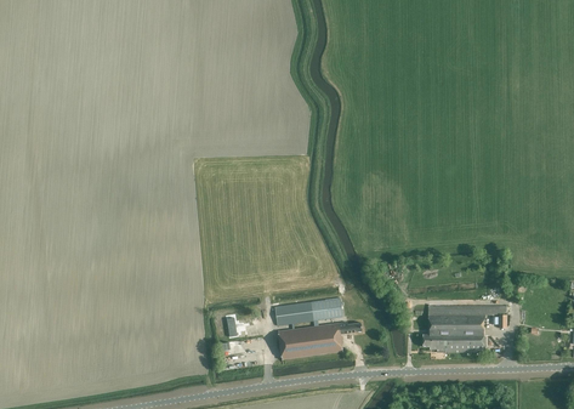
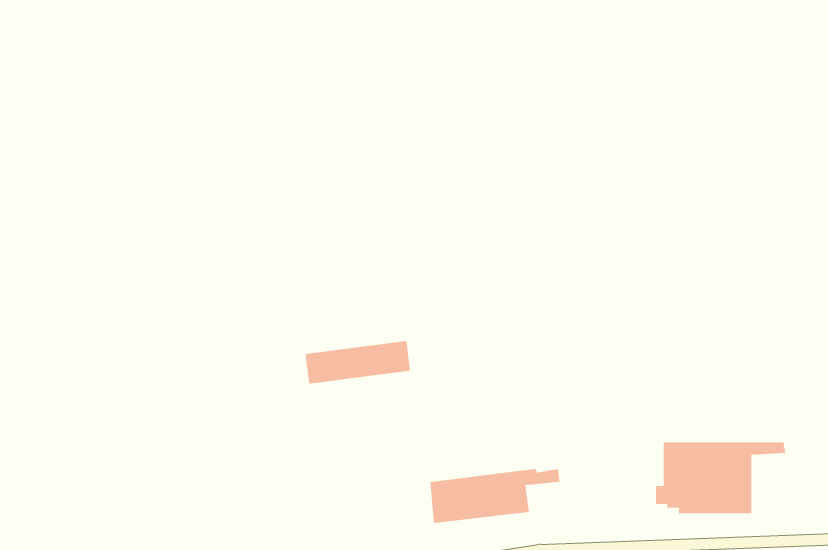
building: [274,296,342,324] -> [305,340,411,384]

